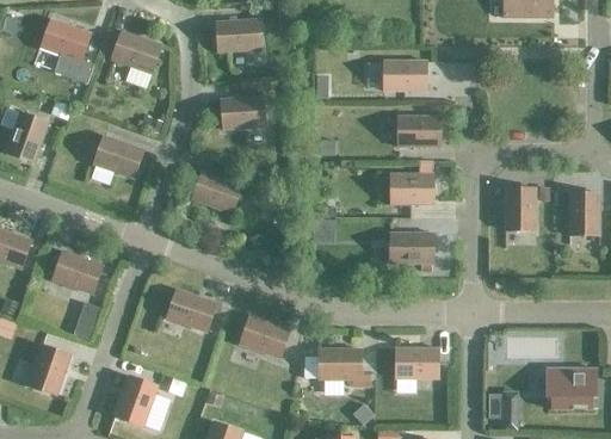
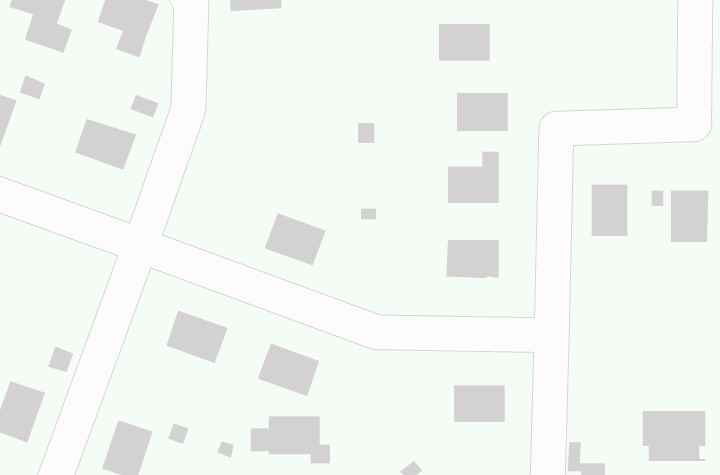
building: [221,95,264,128] -> none
building: [191,169,241,212] -> [264,212,327,266]
building: [51,249,101,292] -> none
building: [304,347,369,385] -> [250,416,331,464]

